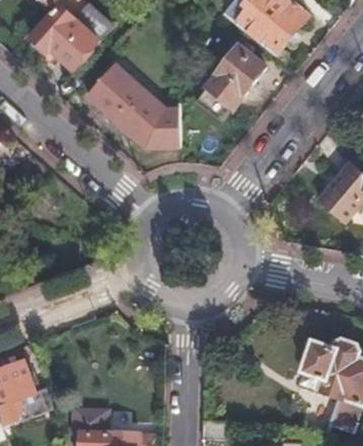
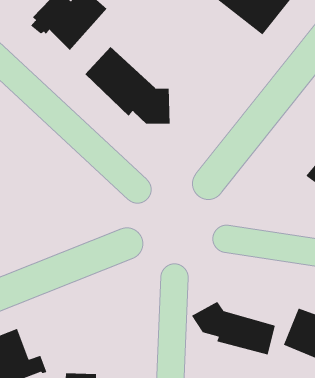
building: [202,44,264,107] -> none
building: none -> [191,301,276,355]

